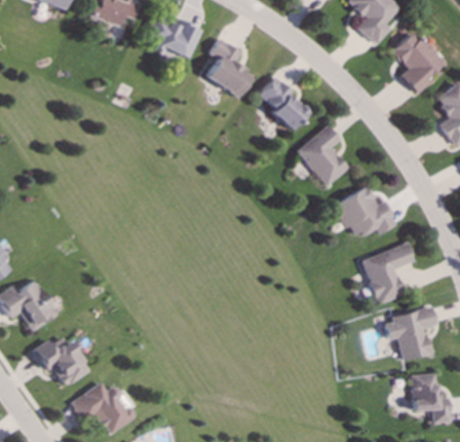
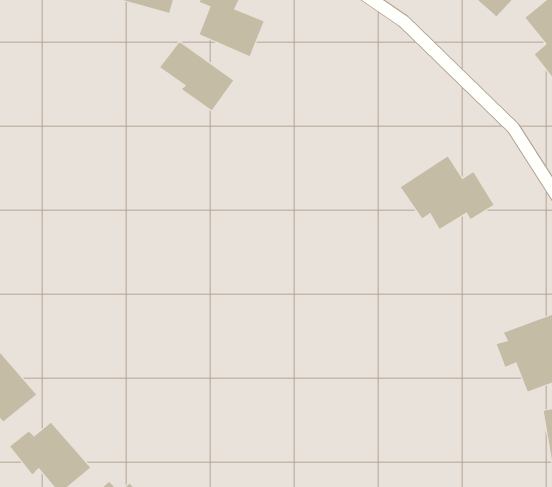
building: [259,77,310,130] -> [159,41,234,111]
building: [298,124,349,186] -> none
building: [362,243,415,304] -> none

